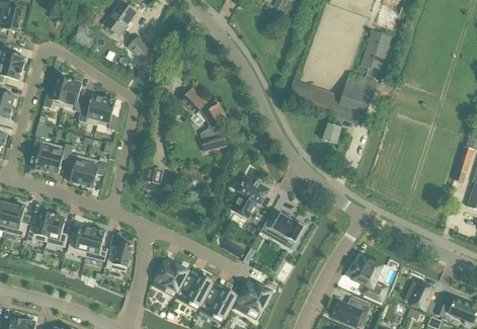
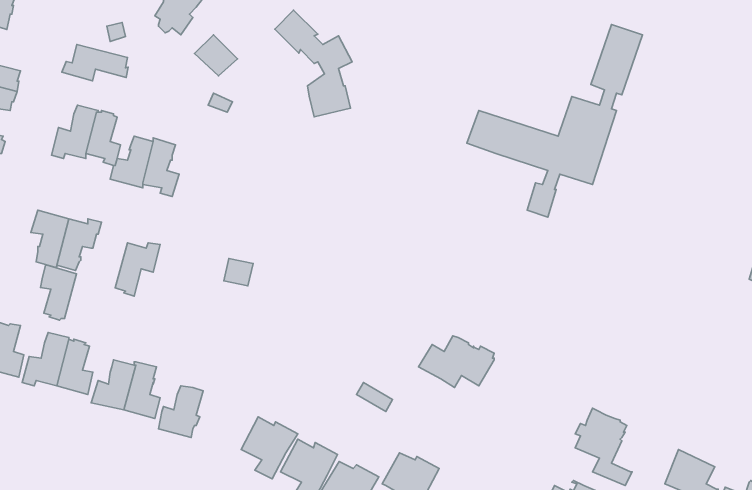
building: none -> [62,44,128,81]
building: [180,87,226,150] -> [275,10,352,117]
building: [66,152,87,184] -> [40,265,77,320]
building: [232,175,268,217] -> none

